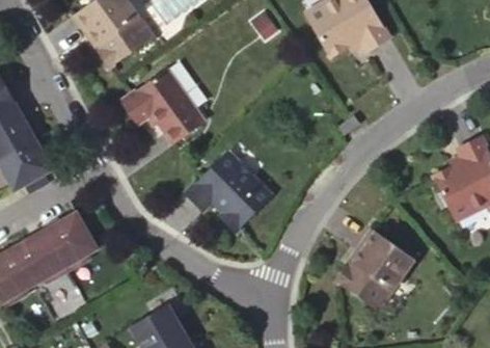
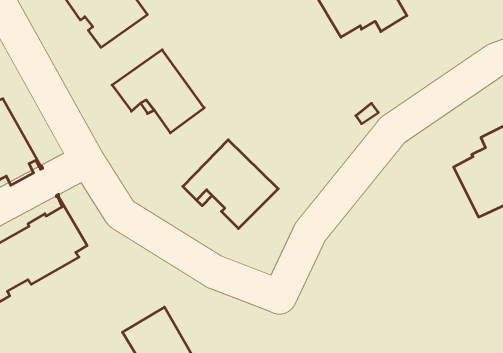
building: [333,229,413,311] -> none

